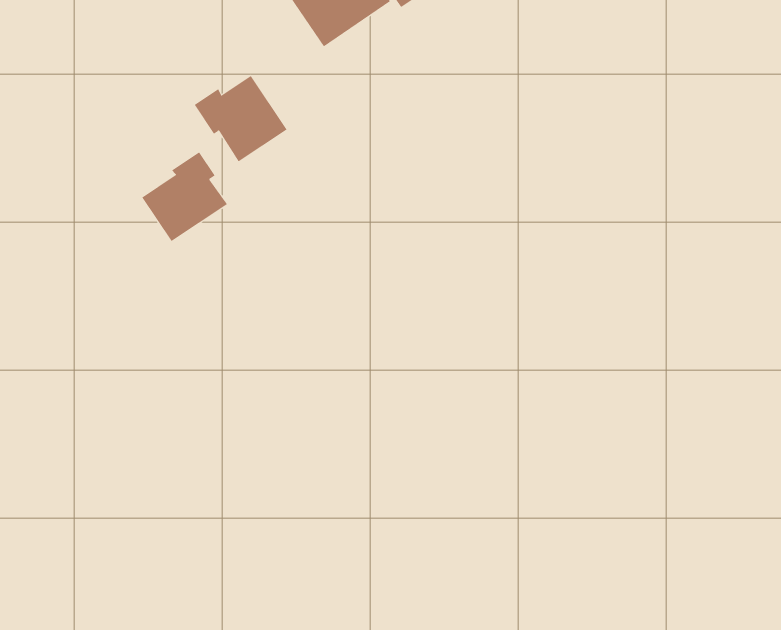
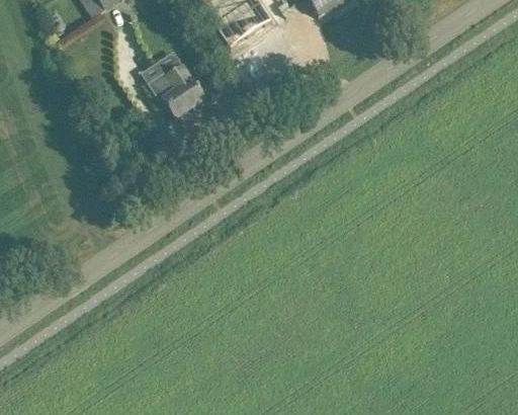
building: [142,151,228,242] -> none

